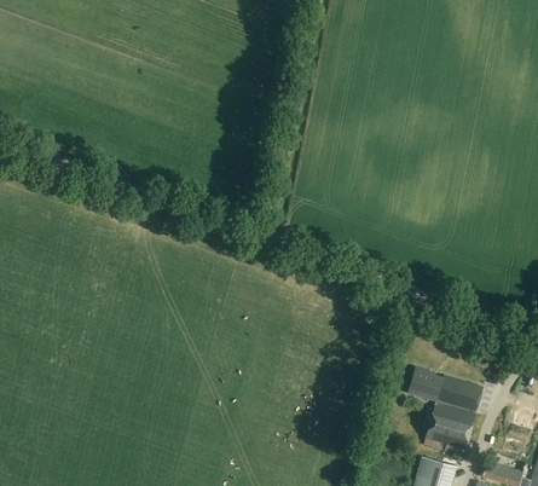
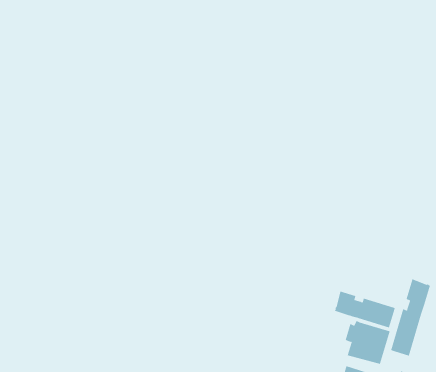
building: none -> [390,279,431,356]

